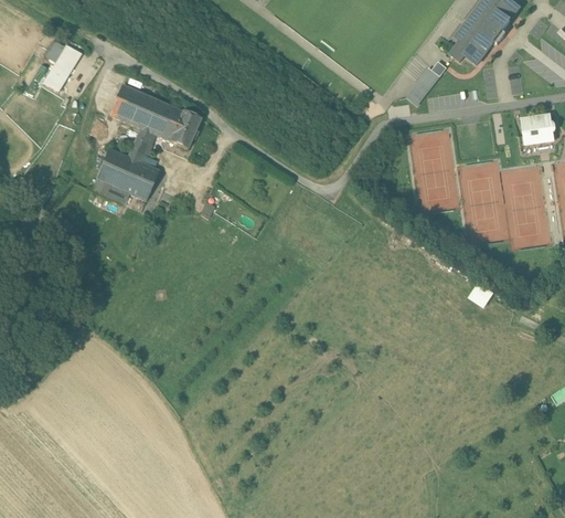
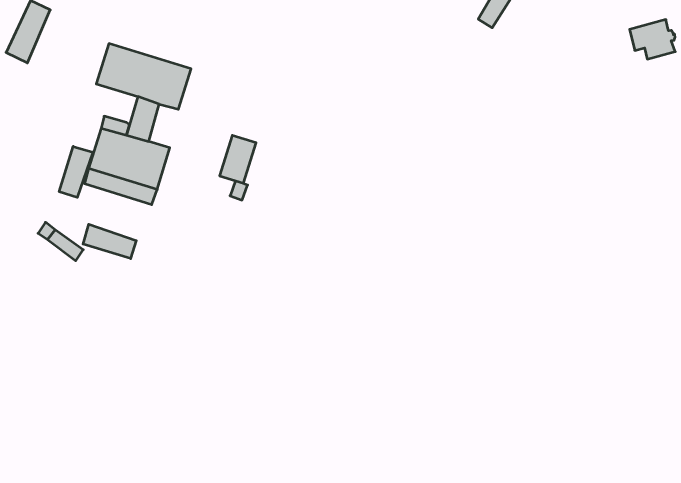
building: [170,109,201,147] -> [220,135,256,183]
building: none -> [59,146,93,197]
building: none -> [83,224,136,259]

